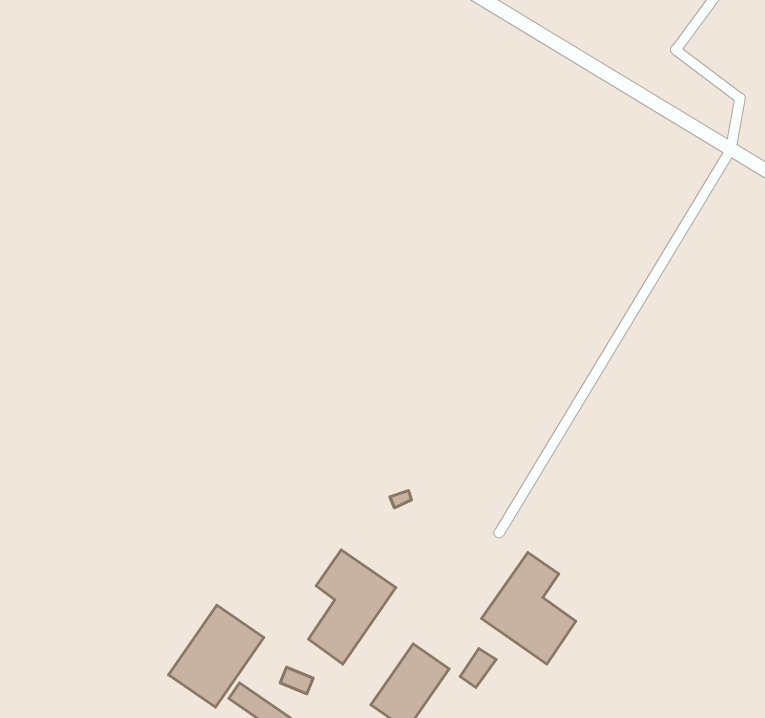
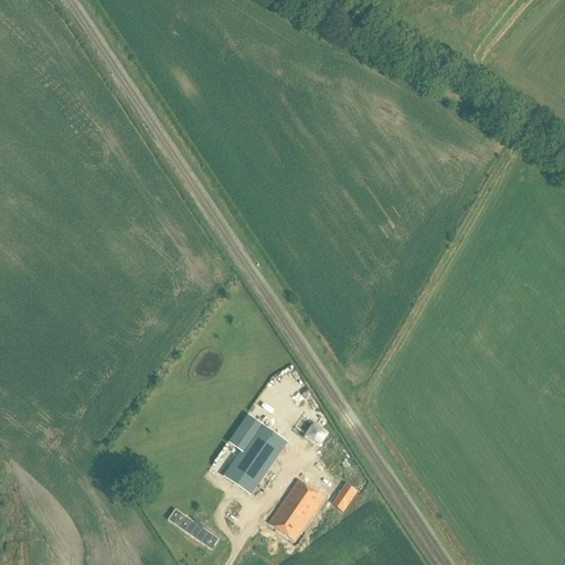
building: [481,552,576,664] -> none
building: [169,605,264,707] -> none

